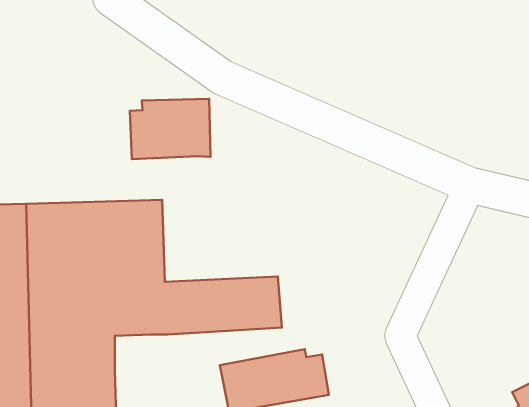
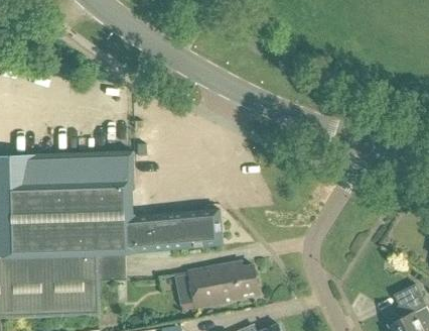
building: [130,99,211,159] -> none
building: none -> [97,251,124,279]

